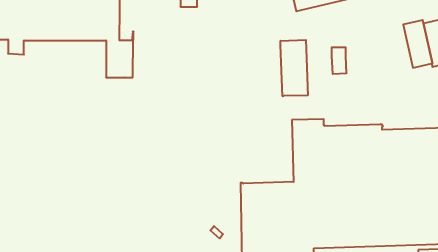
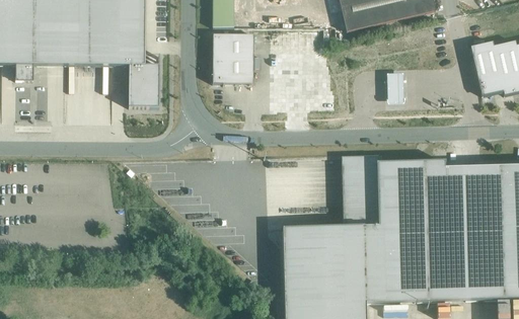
building: none -> [211,33,253,84]
building: [281,40,308,96] -> none

